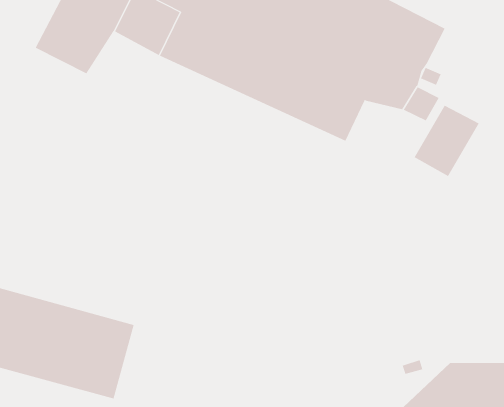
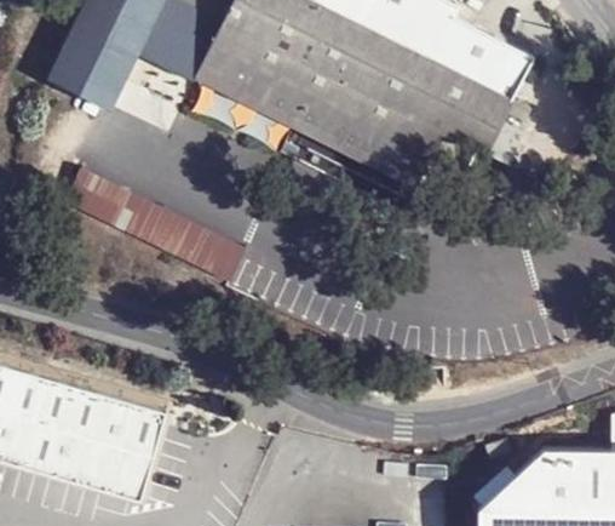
building: [414,105,480,177] -> none
building: none -> [64,166,242,278]

